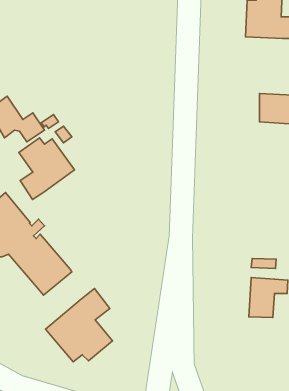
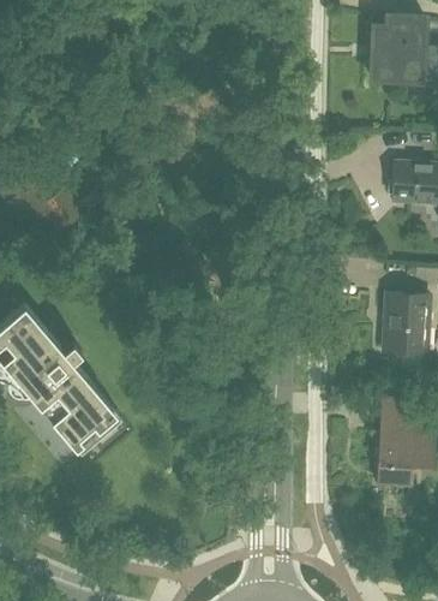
building: [19,138,74,199] -> none
building: none -> [383,292,428,368]
building: [46,288,113,362] -> none

